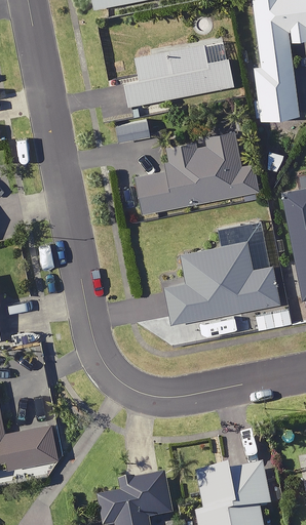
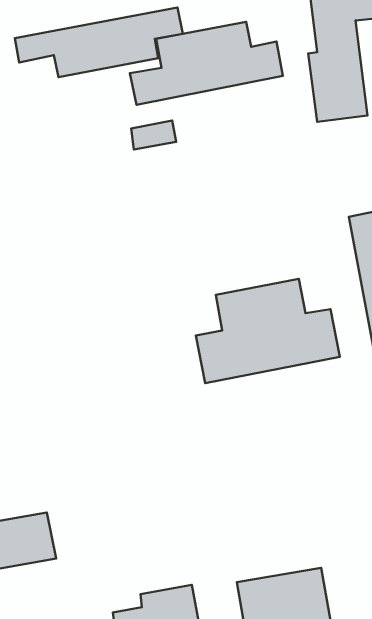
building: none -> [15,8,183,77]
building: [136,130,258,214] -> none

